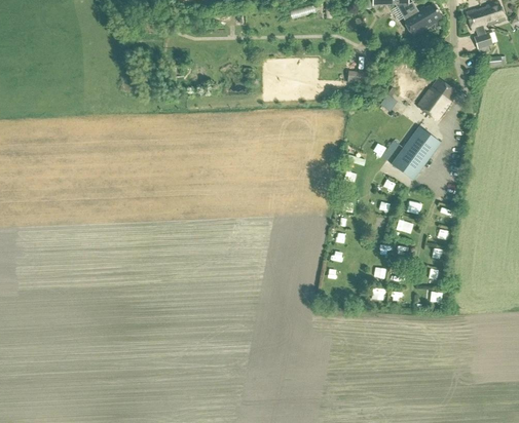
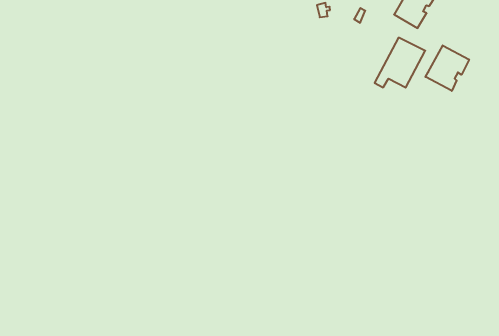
building: none -> [425,45,469,91]

